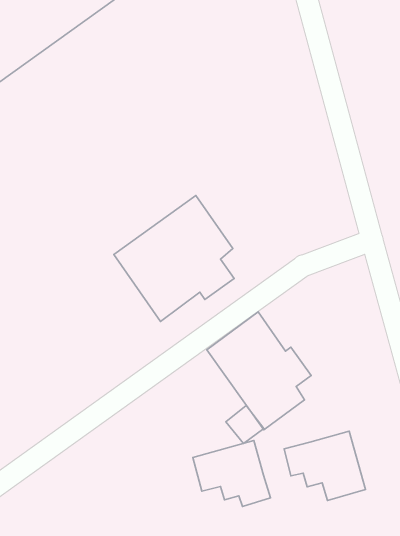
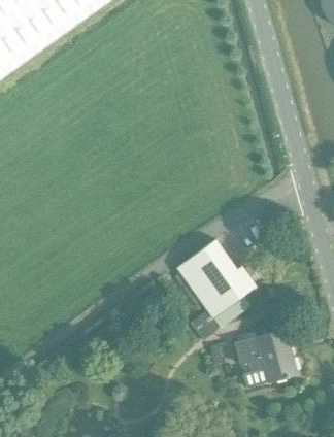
building: [114,196,234,322] -> none
building: [193,440,270,506] -> none

